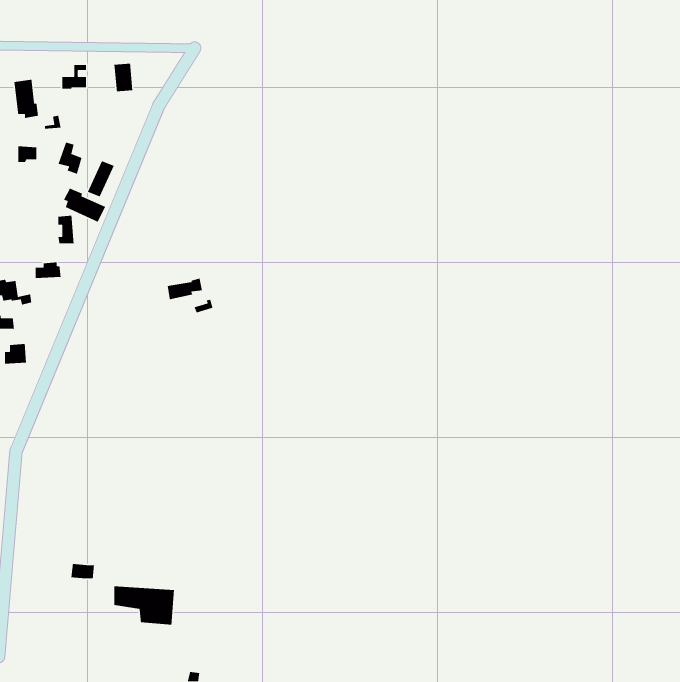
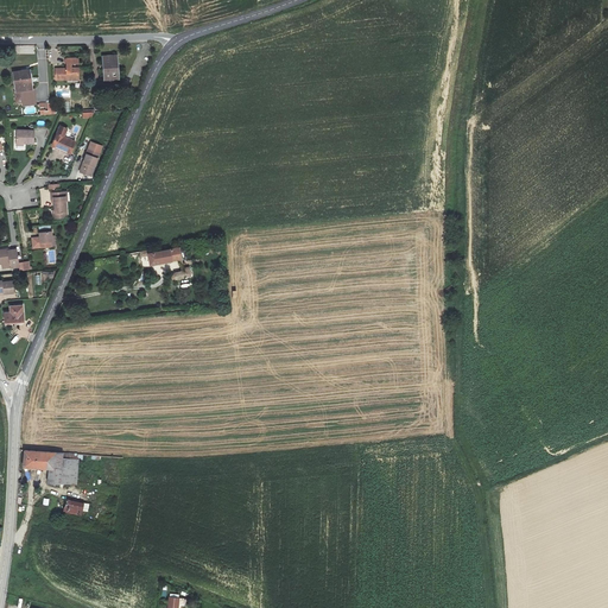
building: [63,187,106,223] -> none
building: [114,585,175,625] -> [24,449,78,484]

